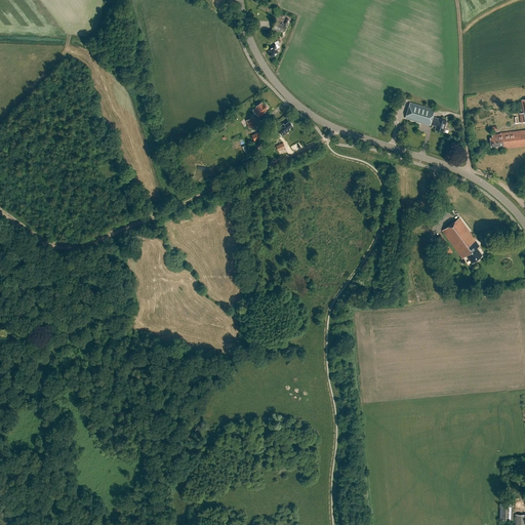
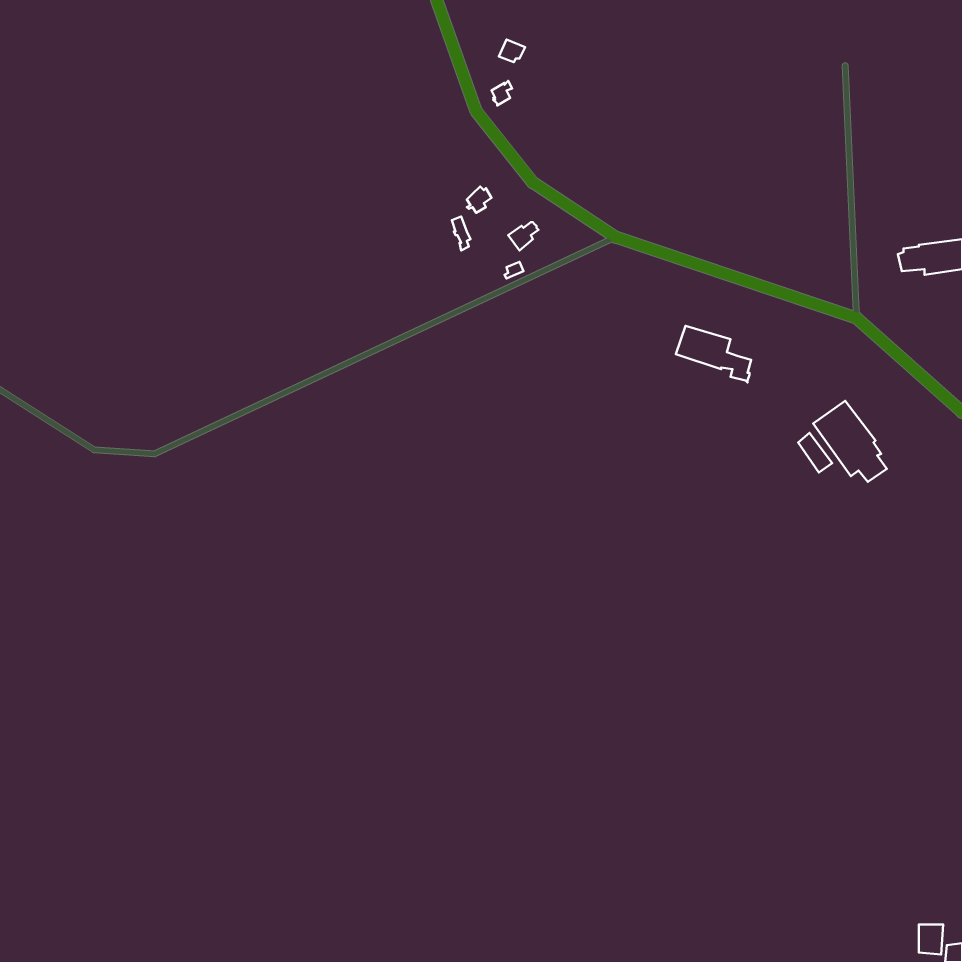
building: [405,103,446,133] -> [676,326,751,382]

